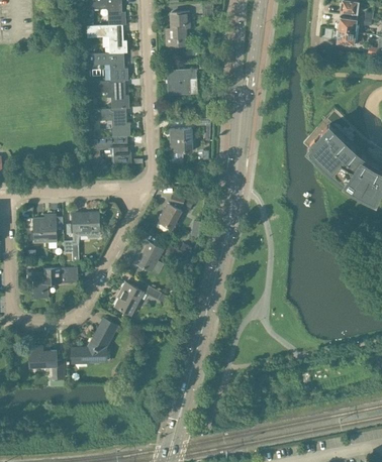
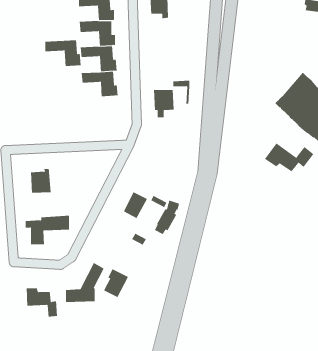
building: [168,69,196,96] -> none
building: [92,136,132,165] -> [45,40,81,66]
building: none -> [264,142,314,172]
building: [157,195,185,233] -> [154,200,180,235]
building: [64,214,100,262] -> none
building: [116,282,145,315] -> [103,269,129,298]

